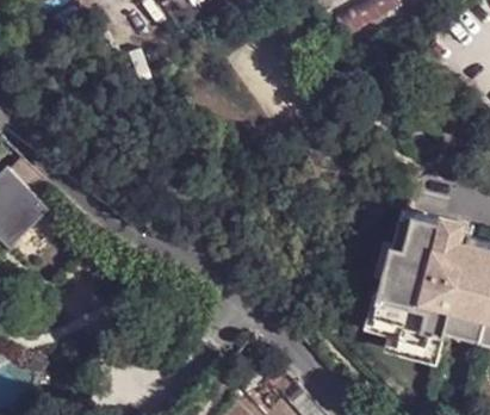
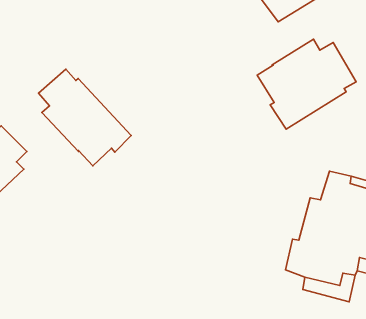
building: none -> [257,39,356,129]
building: none -> [38,69,131,166]

